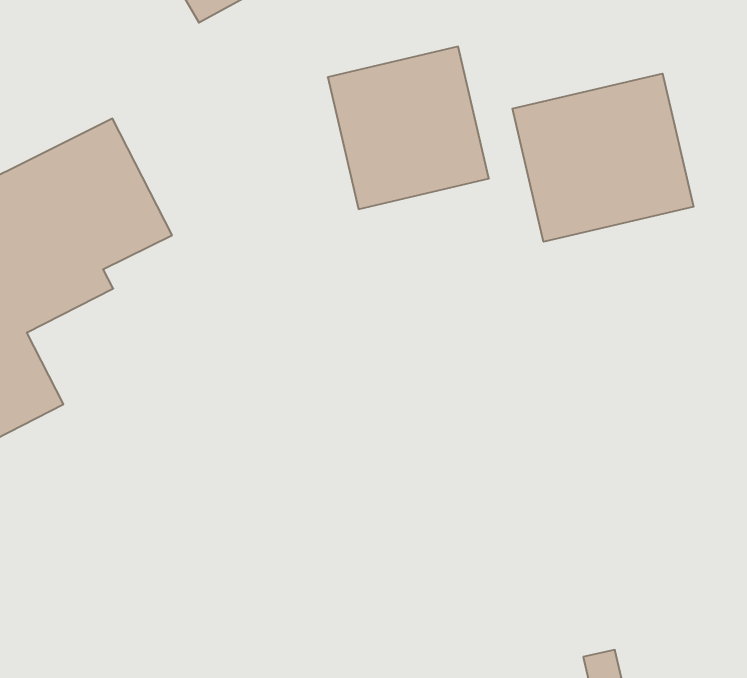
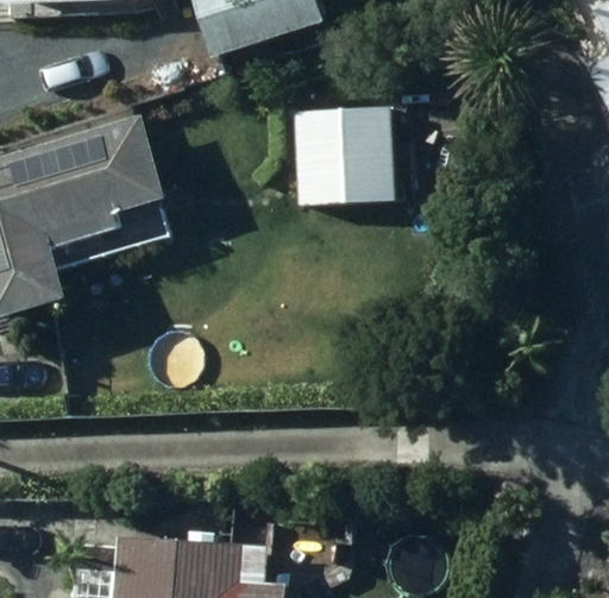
building: [512,74,694,242] -> none

